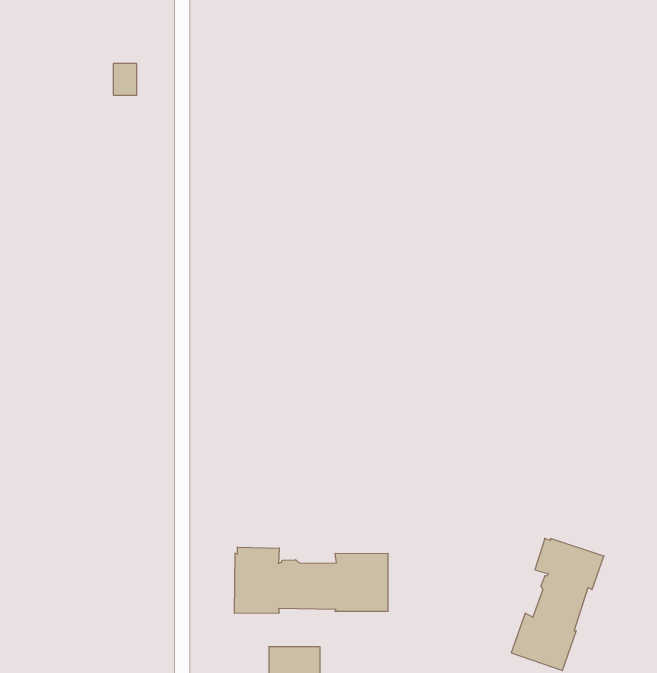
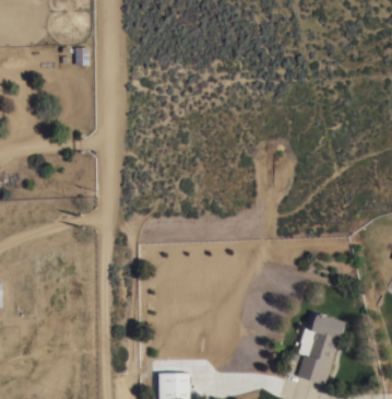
building: [234,547,388,613] -> none

